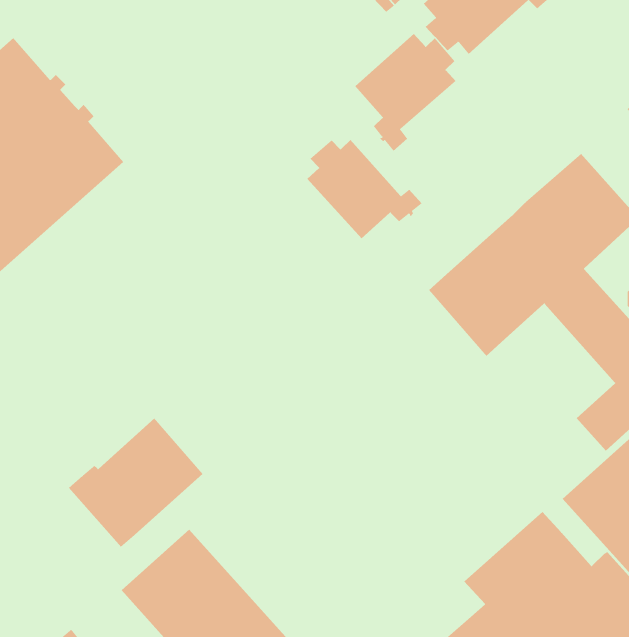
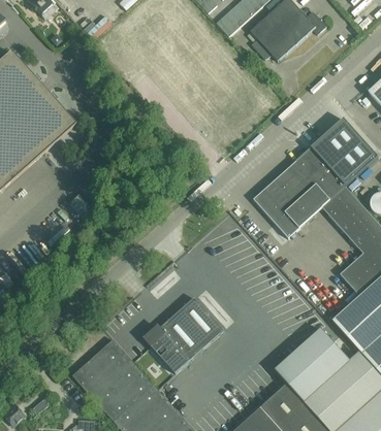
building: [354,33,456,152] -> none
building: [307,139,423,239] -> none
building: [68,418,204,548] -> [145,297,224,373]

